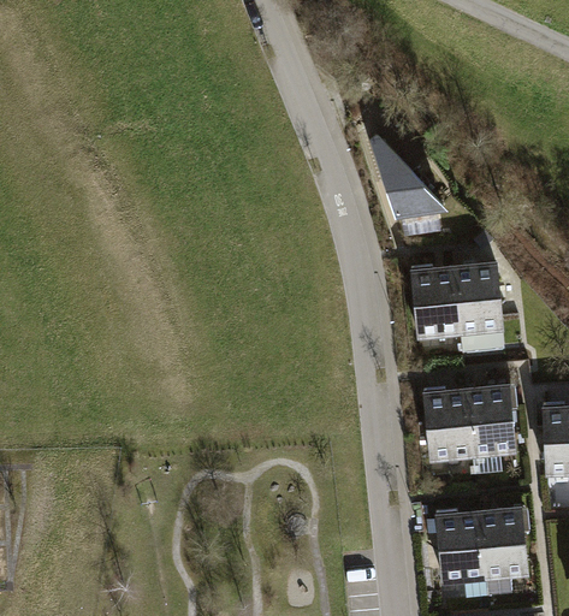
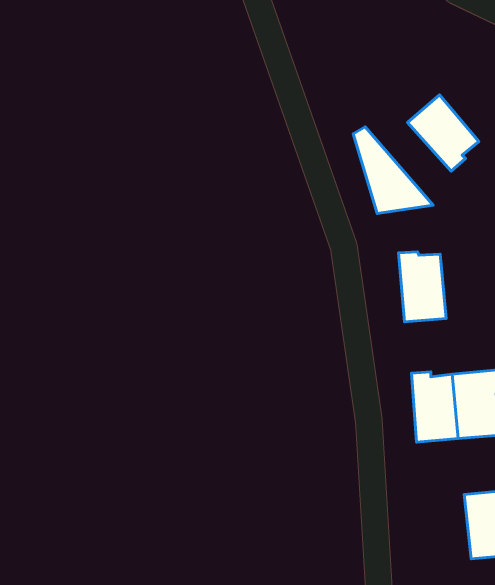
building: none -> [407,95,479,171]
building: [455,263,503,333] -> none
building: [438,509,486,581] -> none

